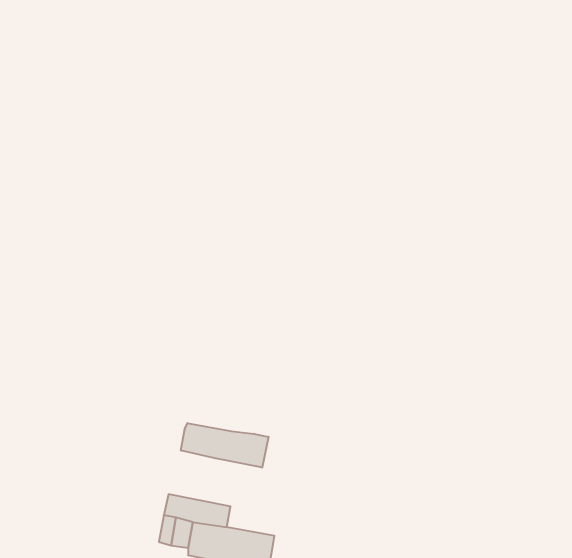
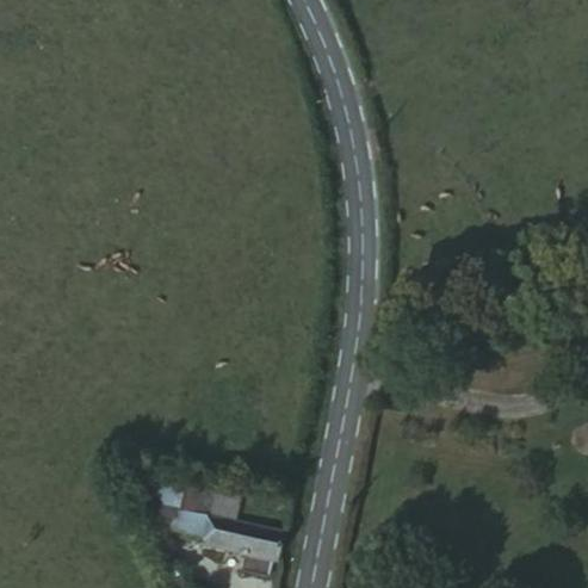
building: [181,423,269,468] -> none

